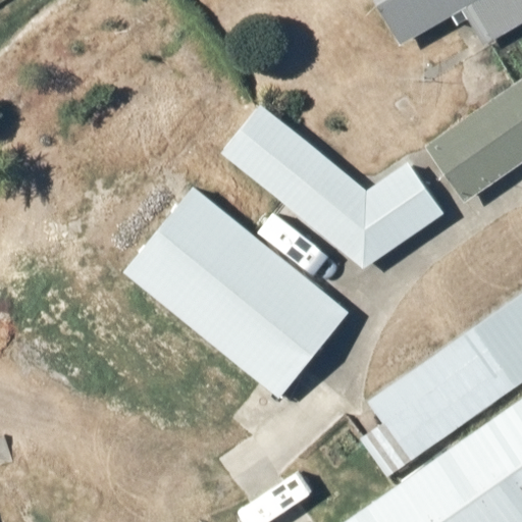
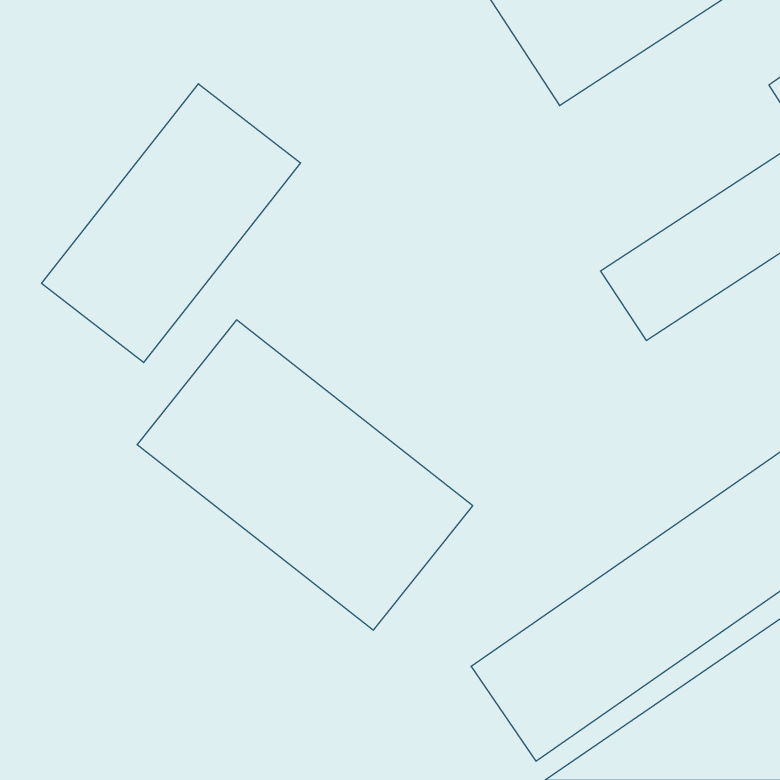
building: none -> [42,84,301,363]
building: [202,121,420,285] -> none

